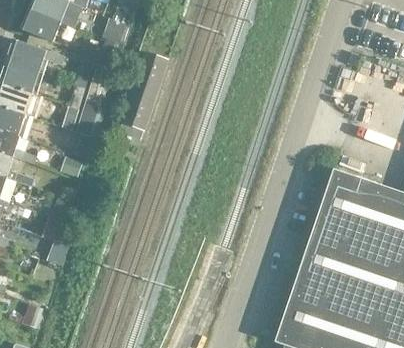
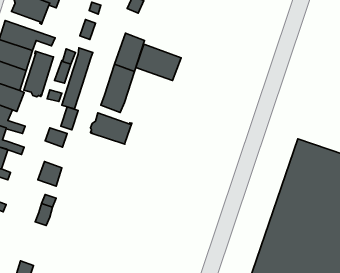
building: none -> [136,44,181,81]
building: none -> [24,51,54,97]
building: none -> [91,113,132,144]

